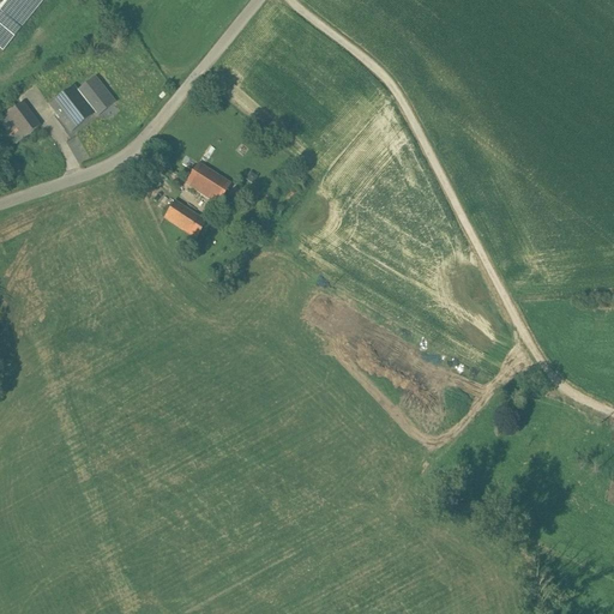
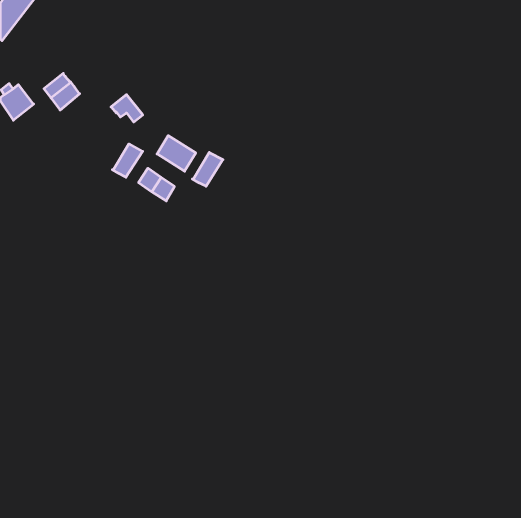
building: [77,76,114,108] -> [111,95,143,122]
building: none -> [112,144,143,177]
building: none -> [192,152,223,186]

